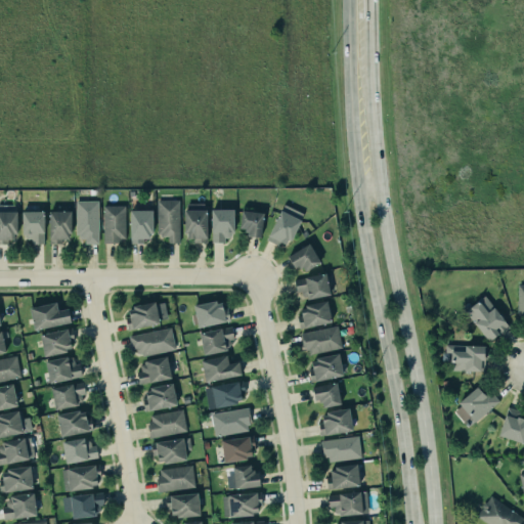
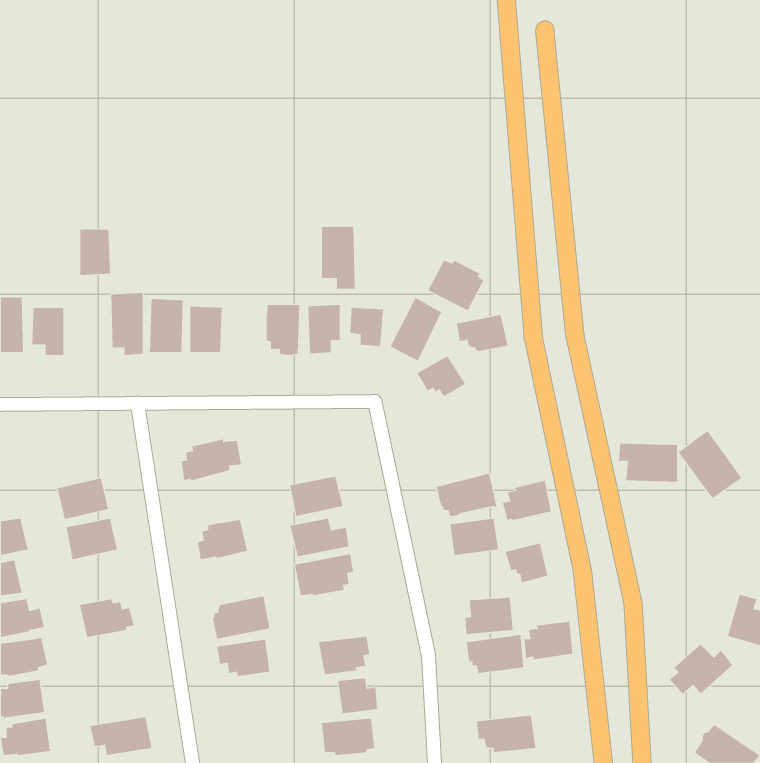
building: none -> [428,260,484,311]
building: [159,200,182,243] -> [321,226,356,289]
building: [51,211,73,243] -> [79,229,111,275]
building: [295,273,331,299] -> [456,315,509,352]
building: [196,301,229,326] -> none
building: [298,301,332,329] -> [502,480,551,521]
building: [30,303,72,330] -> none
building: [131,328,177,356] -> none
building: [446,345,487,372] -> [618,443,678,482]
building: [48,377,87,407] -> none
building: [312,382,342,409] -> [505,543,548,583]
building: [143,383,179,411] -> none
building: [454,387,498,422] -> [669,644,733,695]
building: [211,405,253,436] -> none
building: [64,438,99,462] -> none
building: [156,464,195,492] -> none
building: [326,464,360,490] -> [524,621,573,660]
building: [61,465,101,491] -> none
building: [166,493,201,518] -> none

